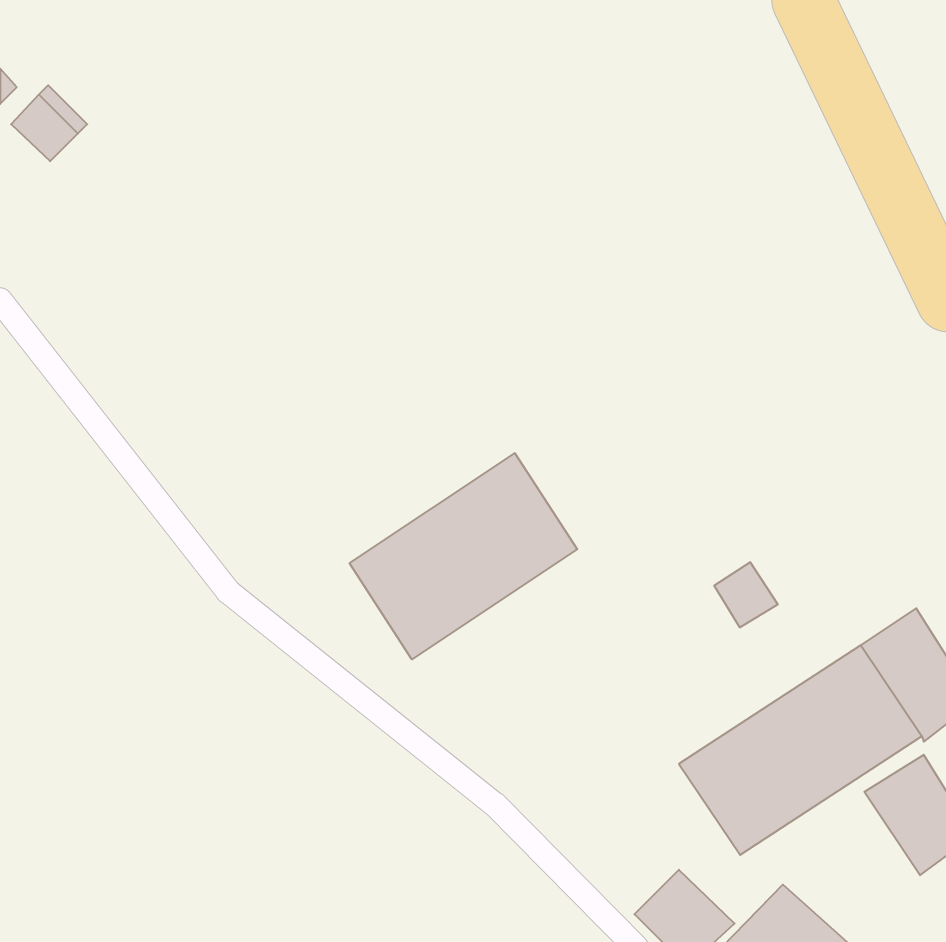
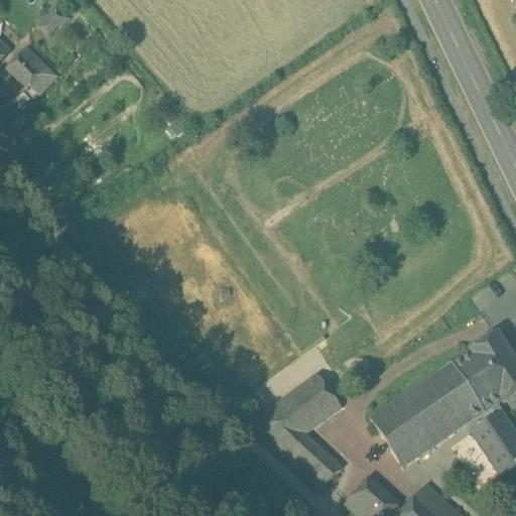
building: [350,453,577,659] -> none
building: [714,562,778,628] -> none
building: none -> [256,369,348,482]

